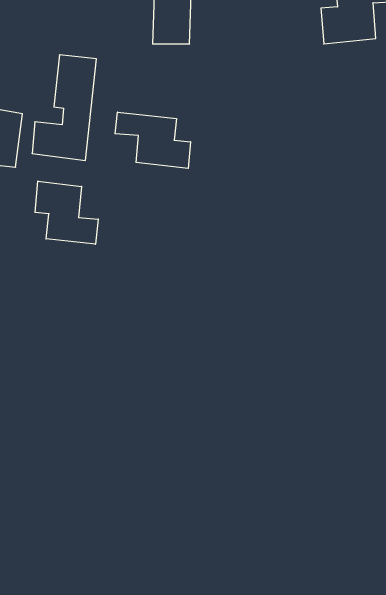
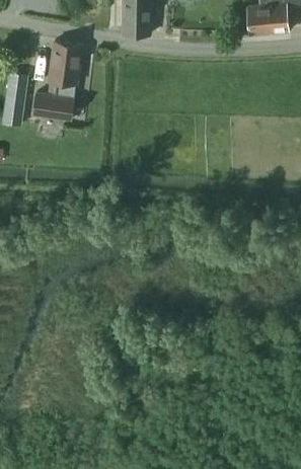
building: [115,112,191,168] -> none
building: [35,181,98,244] -> none

